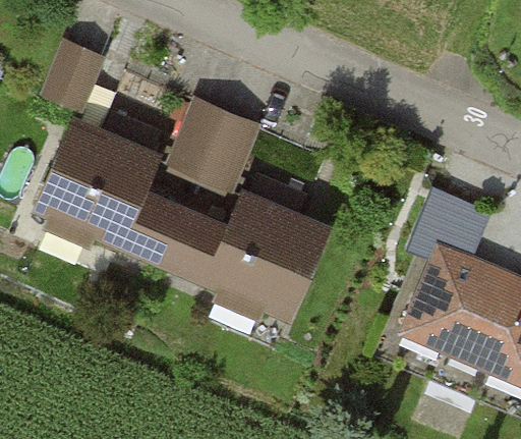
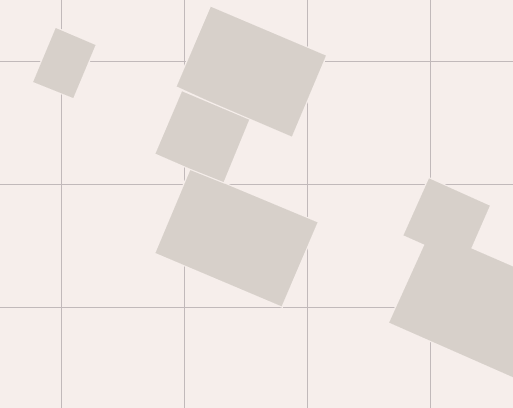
building: none -> [176,6,327,138]
building: [38,126,198,262] -> none

